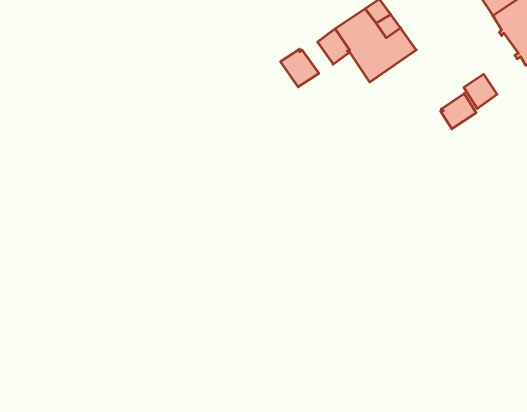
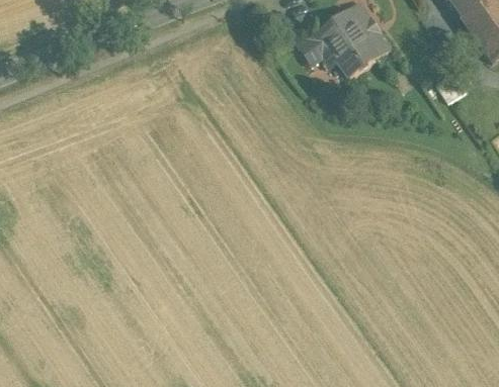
building: [281,49,319,87] -> none
building: [441,93,476,129] -> none

